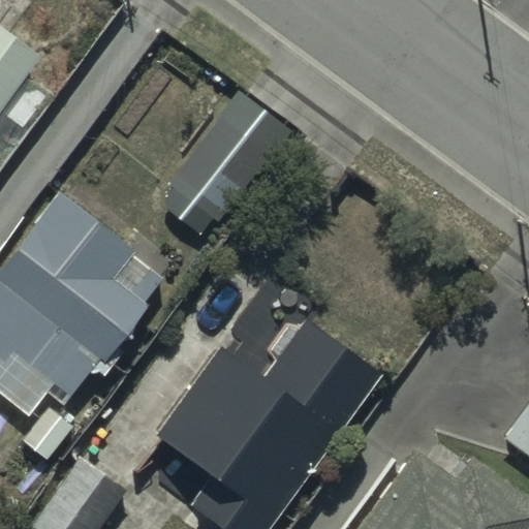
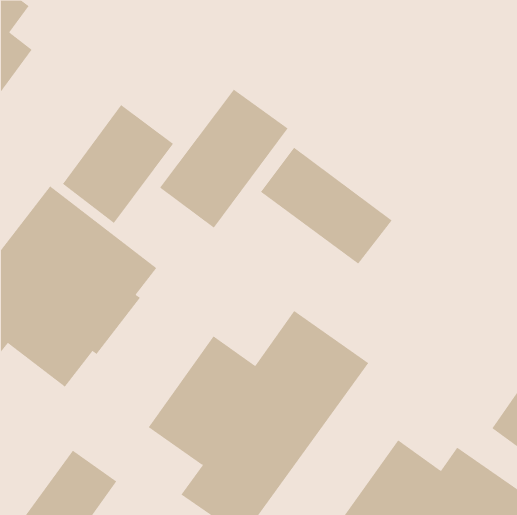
building: none -> [62,104,174,224]
building: none -> [260,147,393,265]

